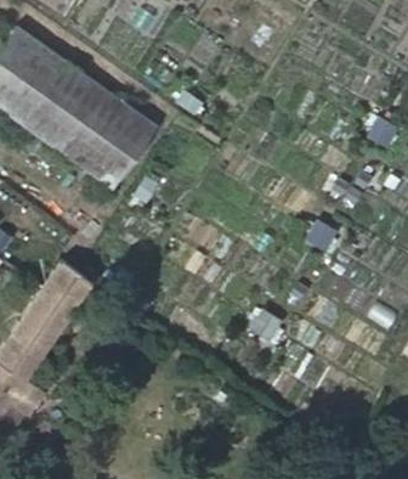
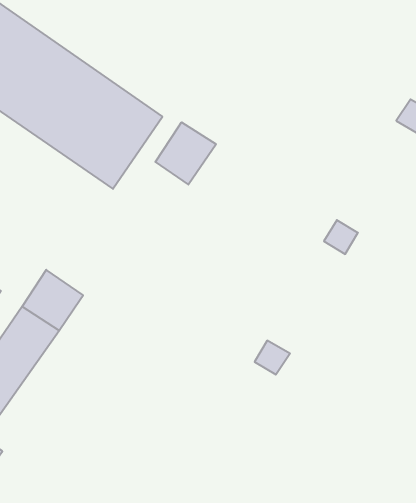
building: none -> [155,122,216,185]

